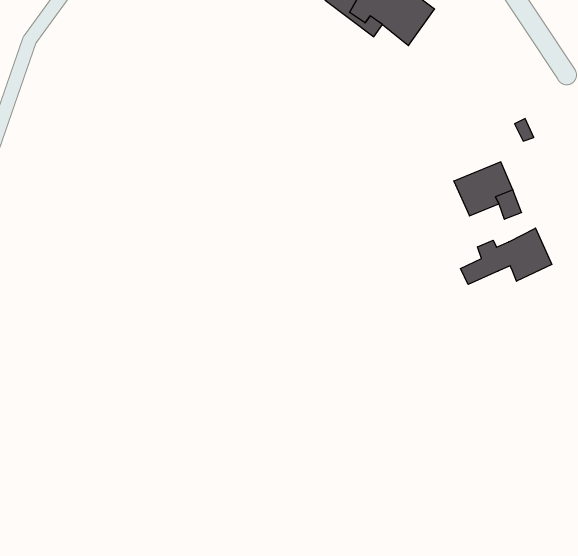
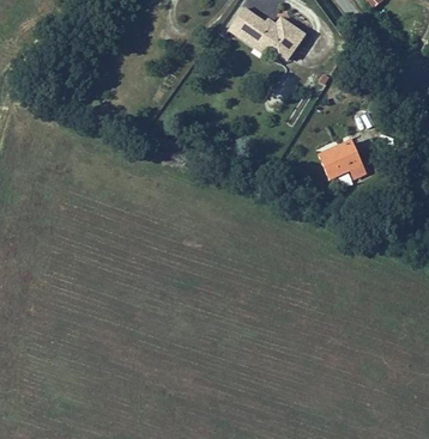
building: [460,228,552,284] -> none

